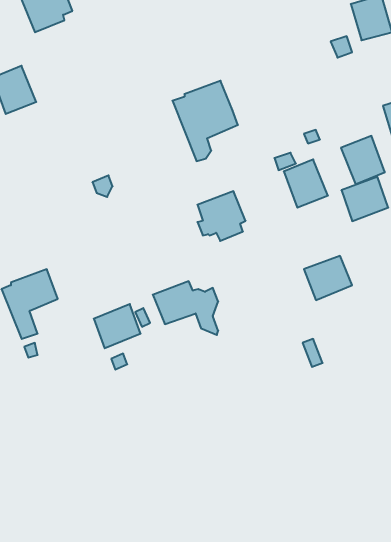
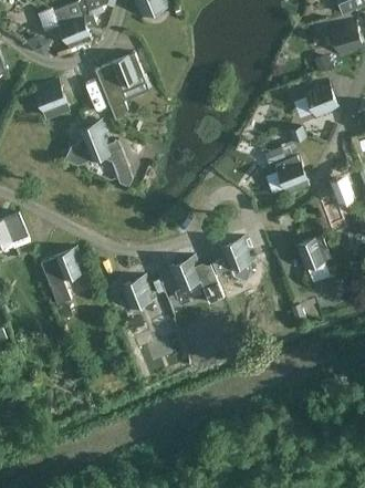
building: [172,81,238,161] -> [95,53,149,120]
building: none -> [64,120,125,166]
building: [341,136,385,184] -> [303,81,340,121]
building: [197,191,246,241] -> [216,237,255,278]

